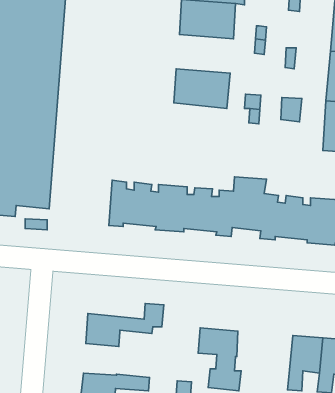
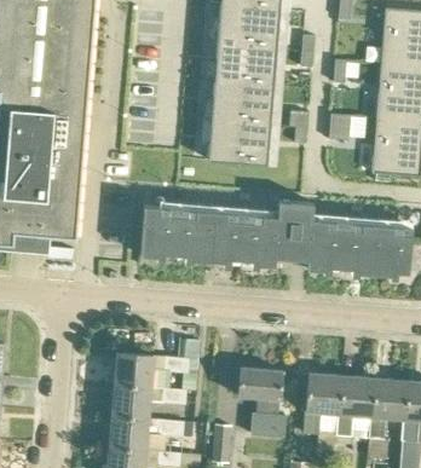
building: none -> [213,45,276,87]
building: none -> [207,120,269,163]
building: none -> [302,372,341,433]
building: none -> [111,383,185,418]

